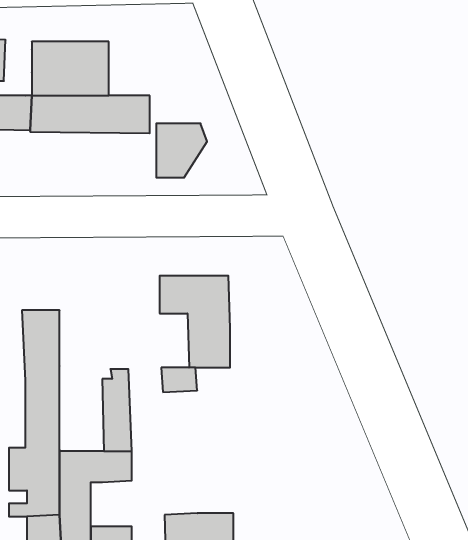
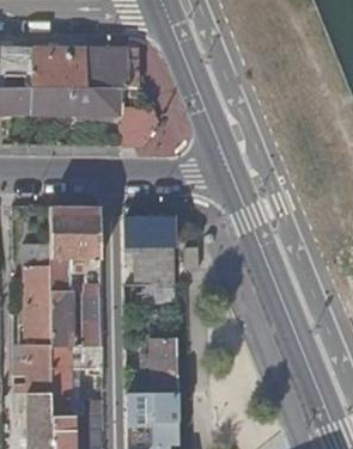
building: none -> [85,48,135,87]
building: none -> [48,205,99,346]
building: none -> [148,338,176,392]

